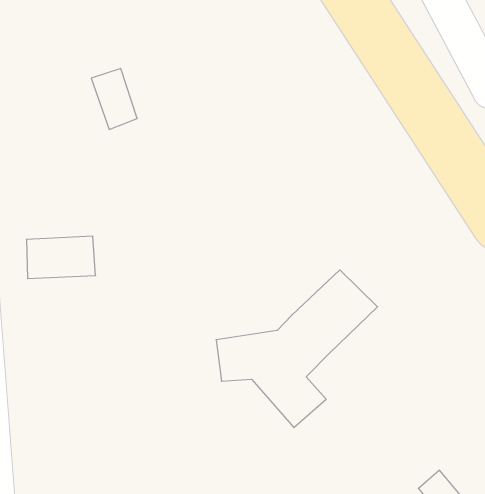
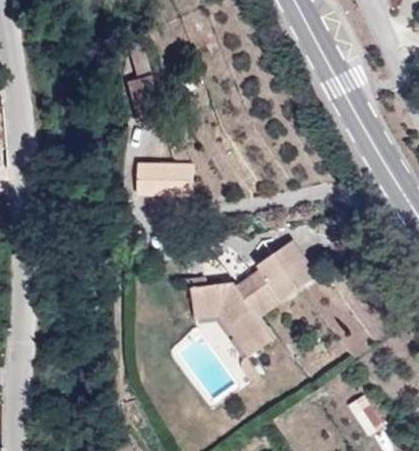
building: [26,236,96,279] -> [125,163,177,194]

